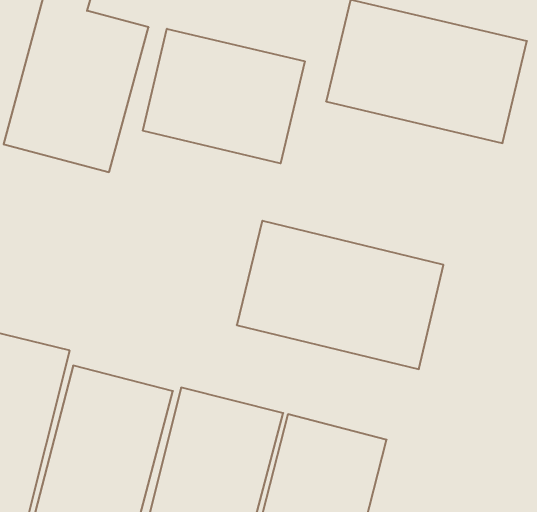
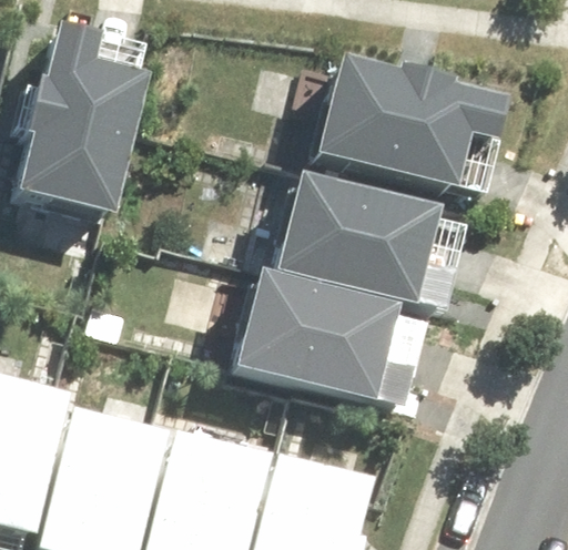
building: [143,29,305,163] -> none
building: none -> [274,169,474,308]

